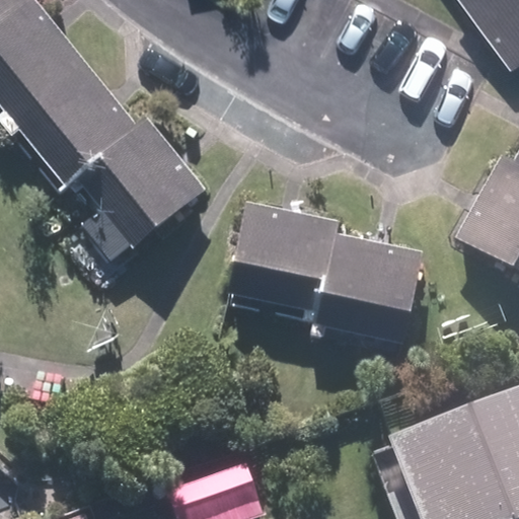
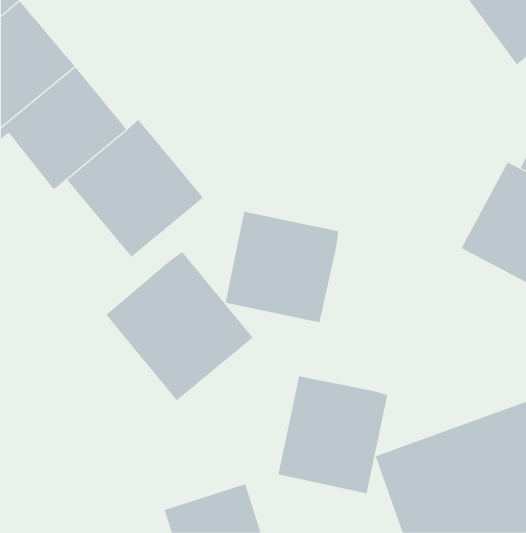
building: [315,237,420,345] -> none
building: none -> [105,251,254,401]
building: none -> [278,375,388,494]

